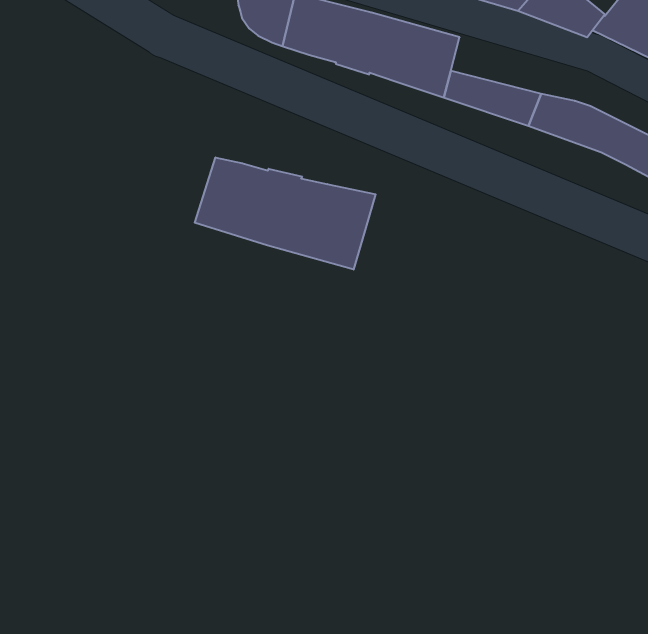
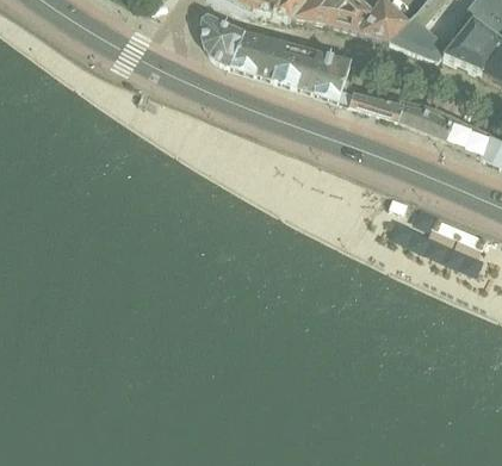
building: [195,157,376,270] -> none

